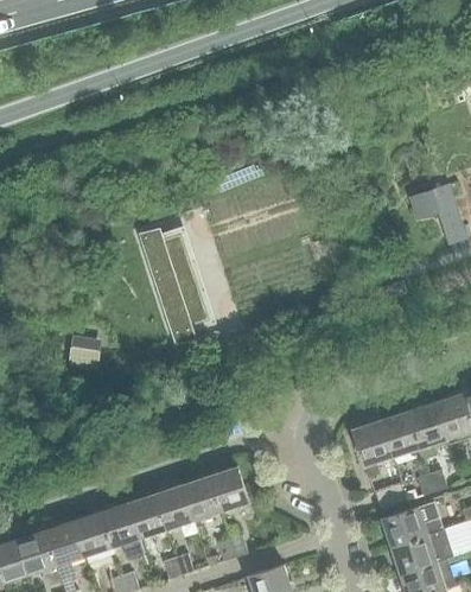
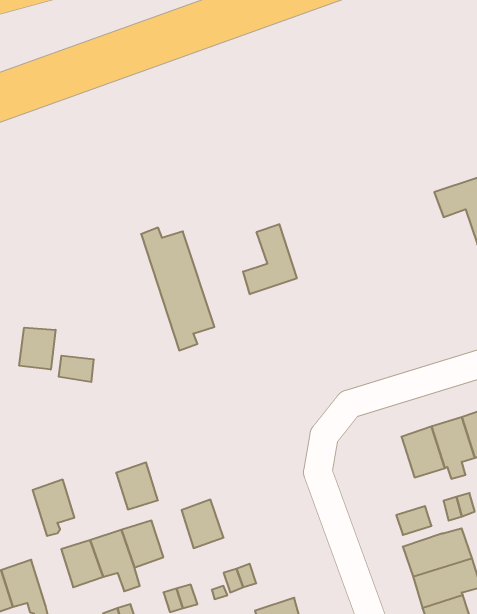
building: none -> [243,224,297,294]
building: none -> [19,328,56,370]
building: [351,420,392,478] -> none
building: [206,467,247,511] -> none
building: [153,486,191,529] -> [116,462,158,509]
building: [44,522,82,573] -> [33,480,74,536]

